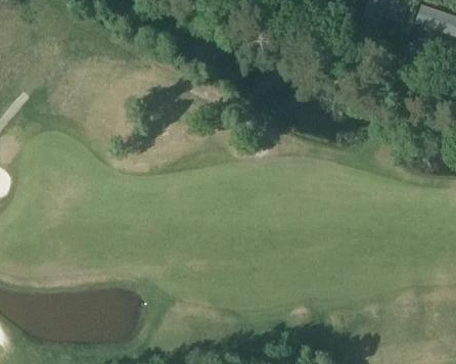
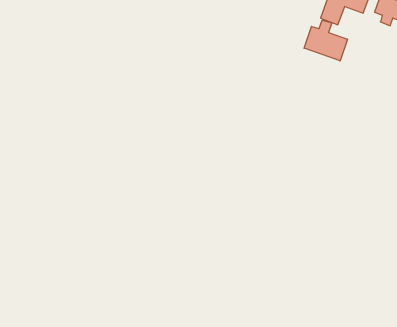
building: none -> [304,20,348,61]

